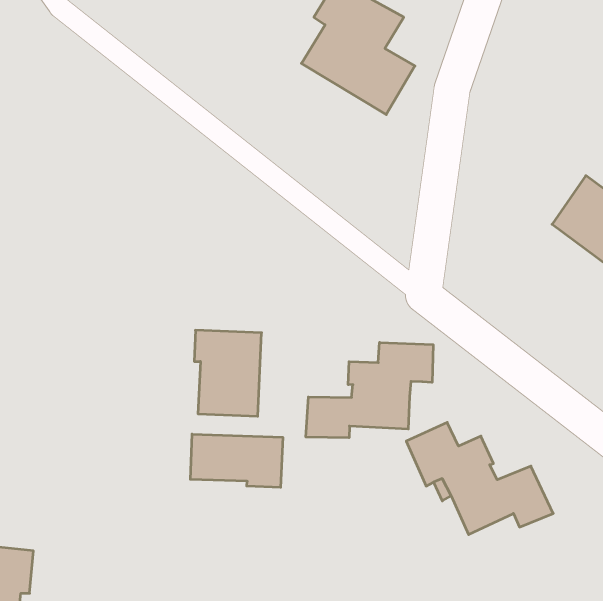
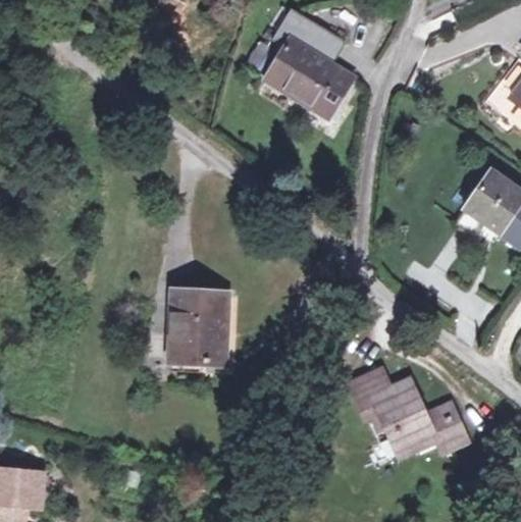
building: [306,342,433,438] -> none
building: [190,434,283,487] -> none

